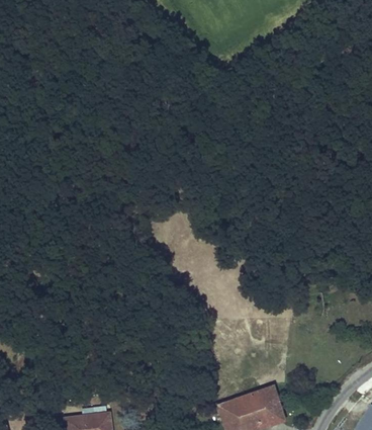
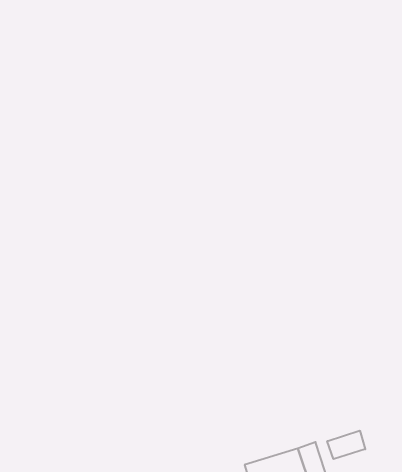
building: none -> [327,431,365,459]

